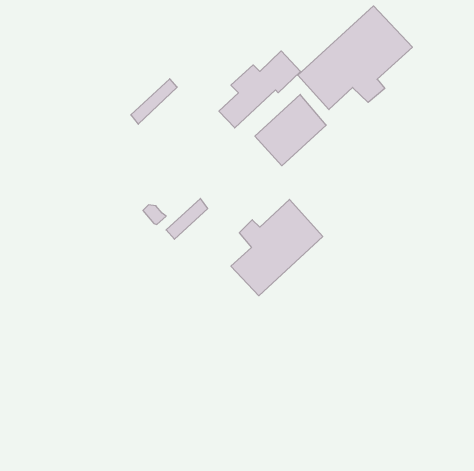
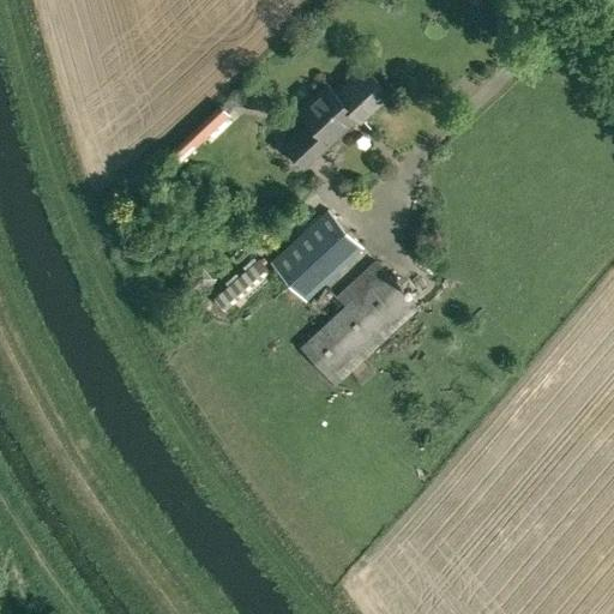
building: [298,6,412,110] -> none
building: [255,94,326,166] -> [270,210,362,302]

